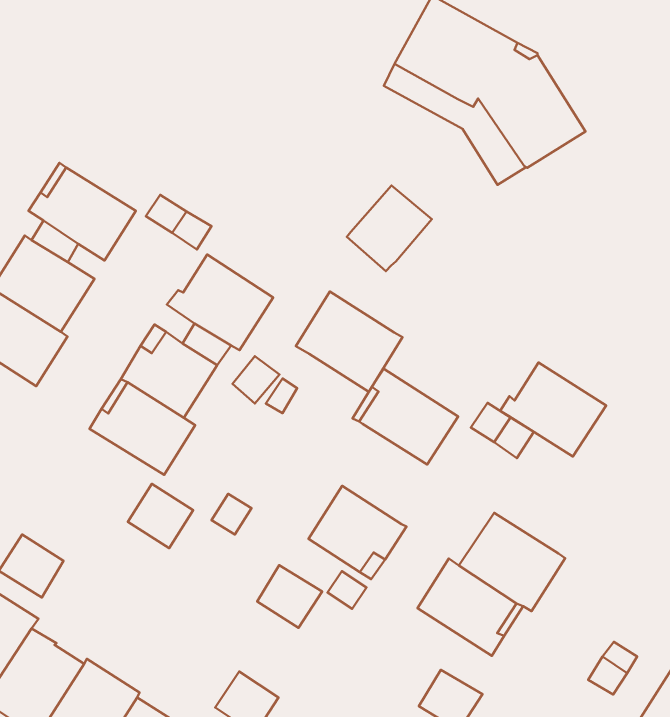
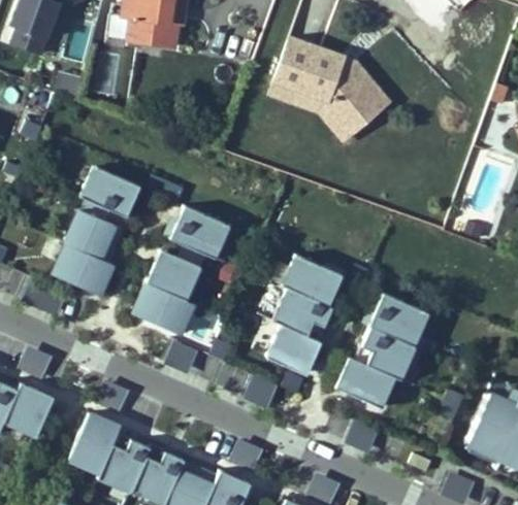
building: [347,185,432,271] -> none
building: [296,292,403,392] -> [273,288,333,341]
building: [500,362,606,457] -> [365,294,425,344]

